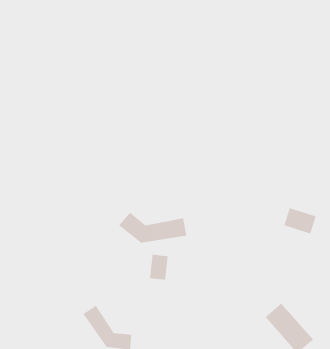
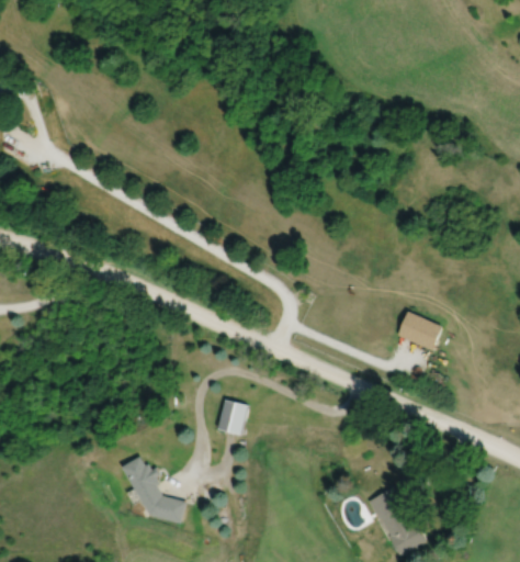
building: [283,208,317,234] -> [397,311,443,350]
building: [118,212,187,244] -> none

